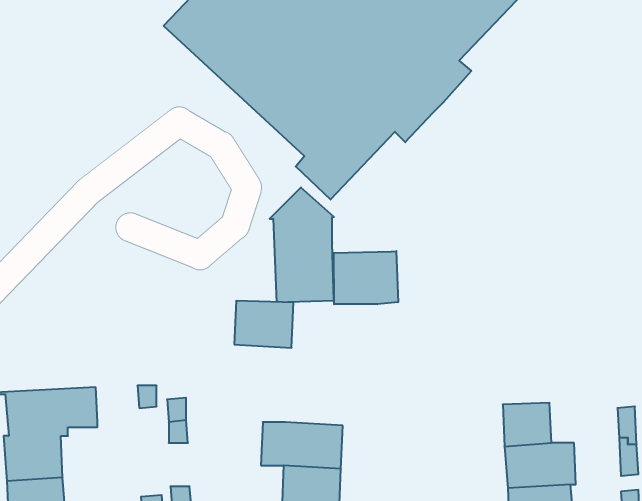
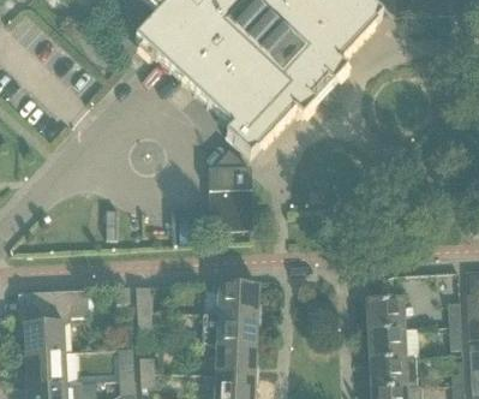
building: [334,251,398,304] -> none
building: [234,301,293,348] -> [218,278,259,310]

